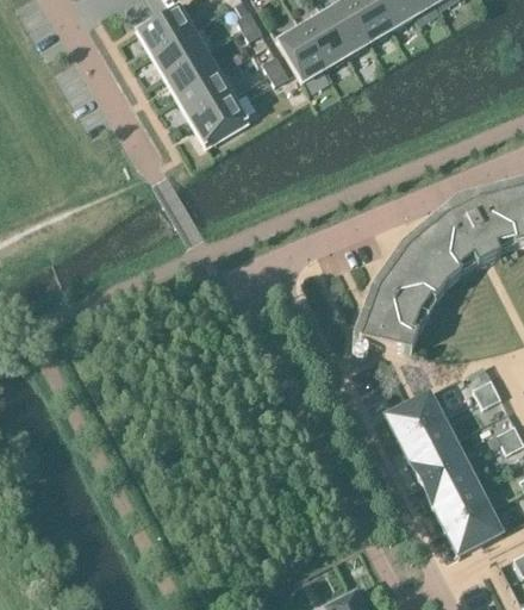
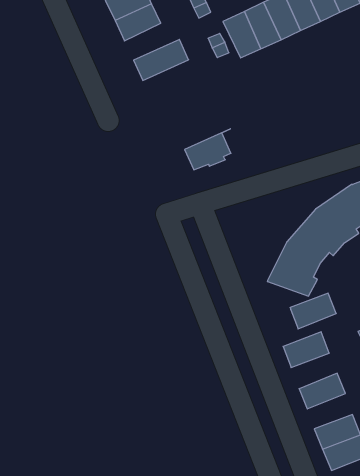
building: [164,51,229,98] -> none
building: [191,91,245,143] -> [185,129,231,170]
building: [399,417,454,462] -> [290,293,336,329]
building: [423,462,476,508] -> none

